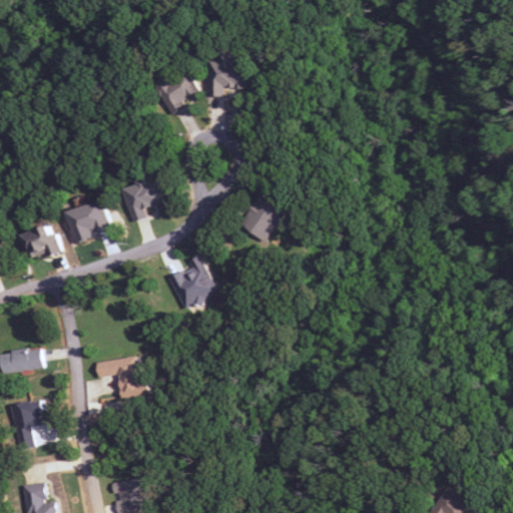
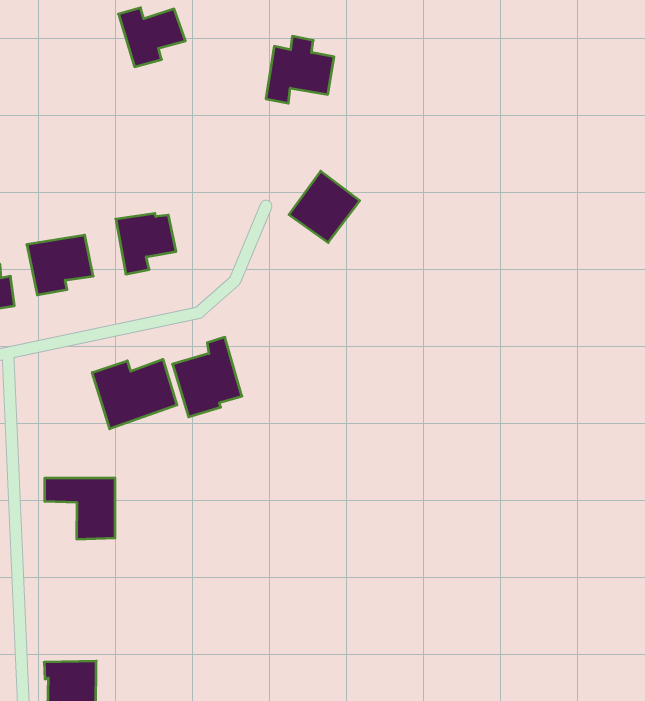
building: [152,74,198,115] -> [118,8,185,67]
building: [240,195,286,241] -> [289,171,360,243]
building: none -> [92,359,177,429]

